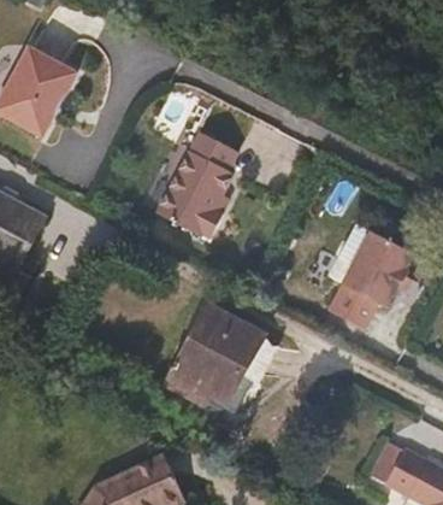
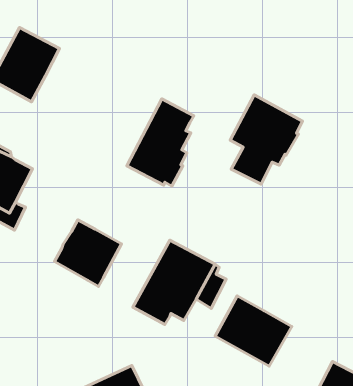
building: [326,222,413,329] -> [230,95,302,184]
building: none -> [54,220,122,286]
building: none -> [215,296,292,366]

